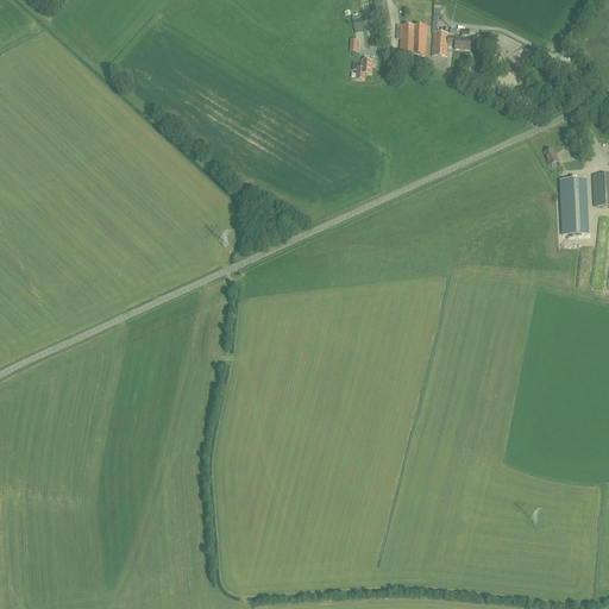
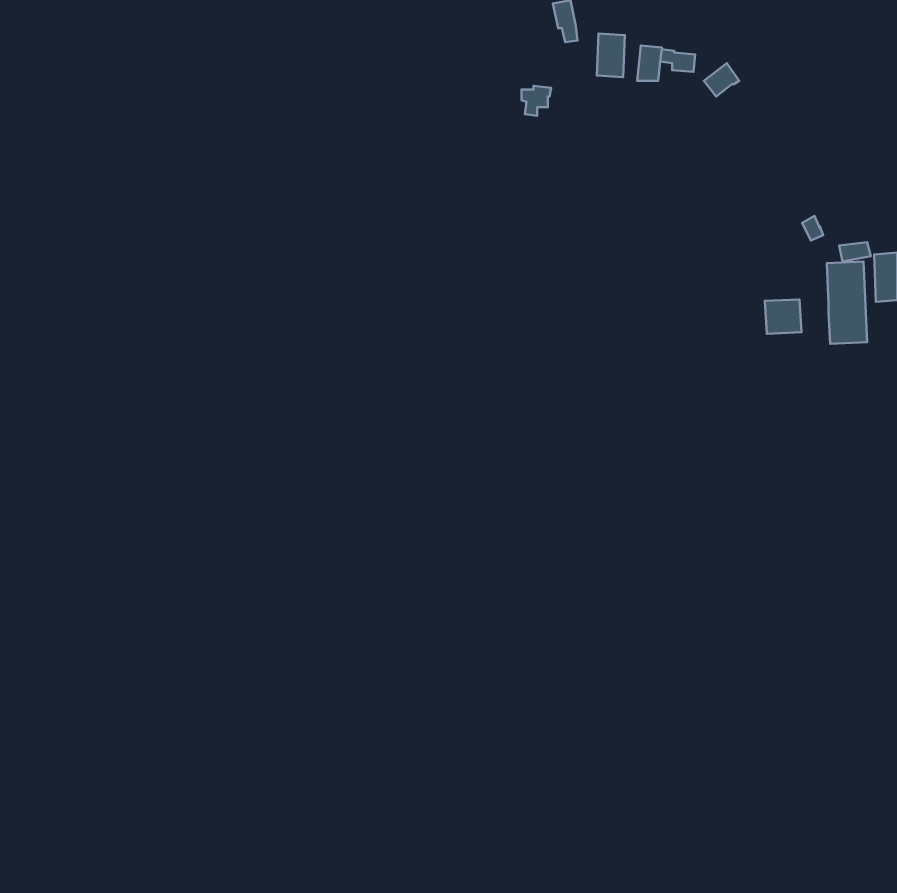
building: none -> [765,299,801,334]

